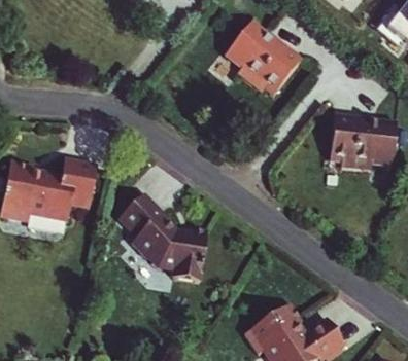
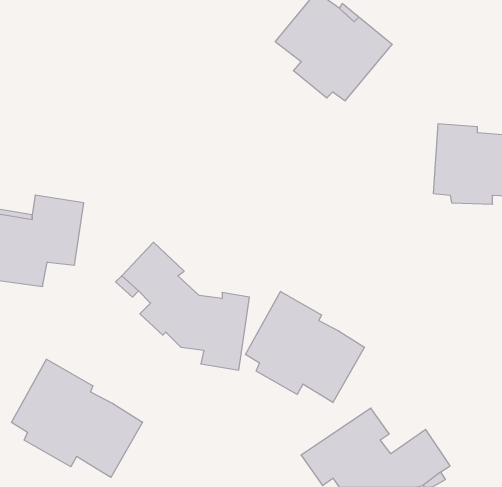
building: none -> [246,291,365,403]
building: none -> [12,359,143,477]

